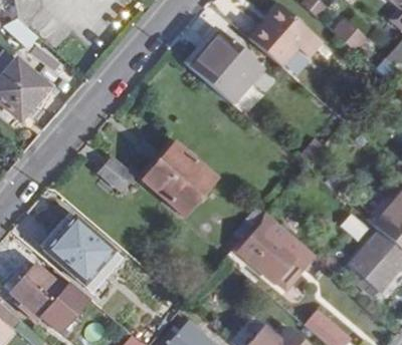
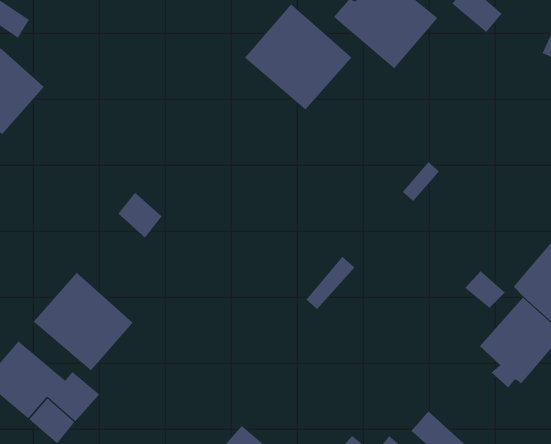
building: [140,142,212,213] -> none
building: [239,218,316,289] -> none

